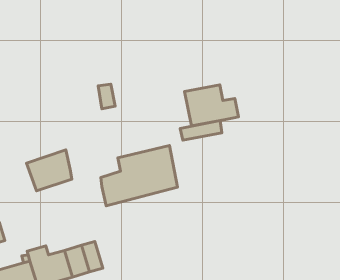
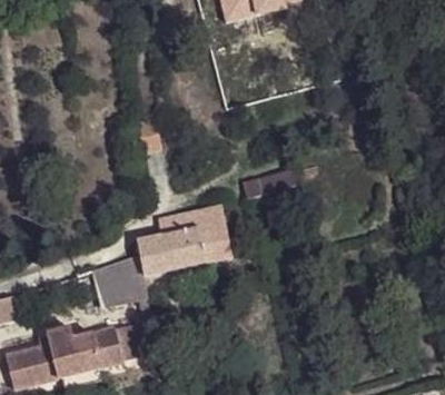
building: [184,85,238,126] -> none
building: [27,150,72,191] -> [91,251,148,303]

